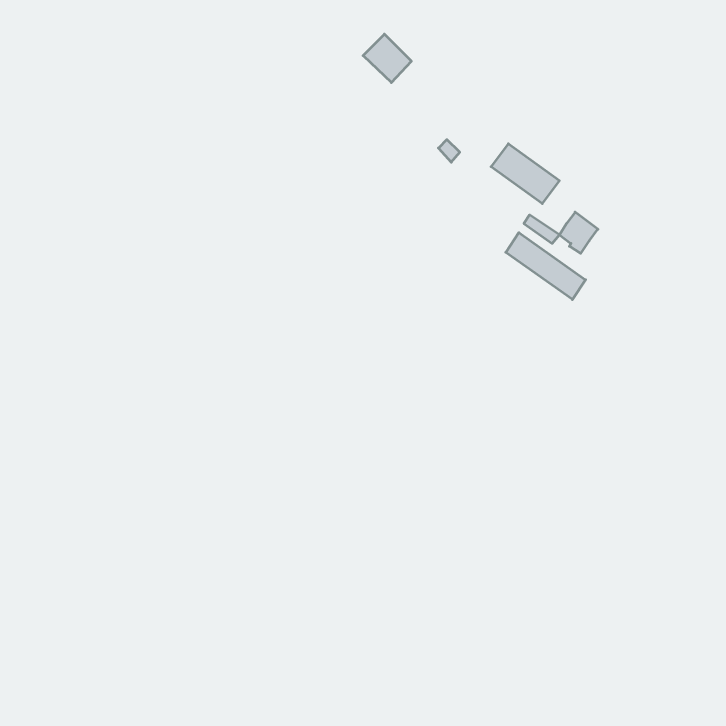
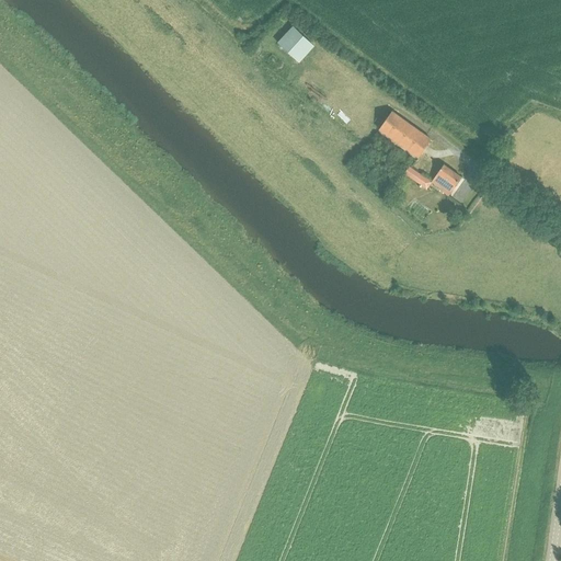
building: [506,233,586,300] -> none

